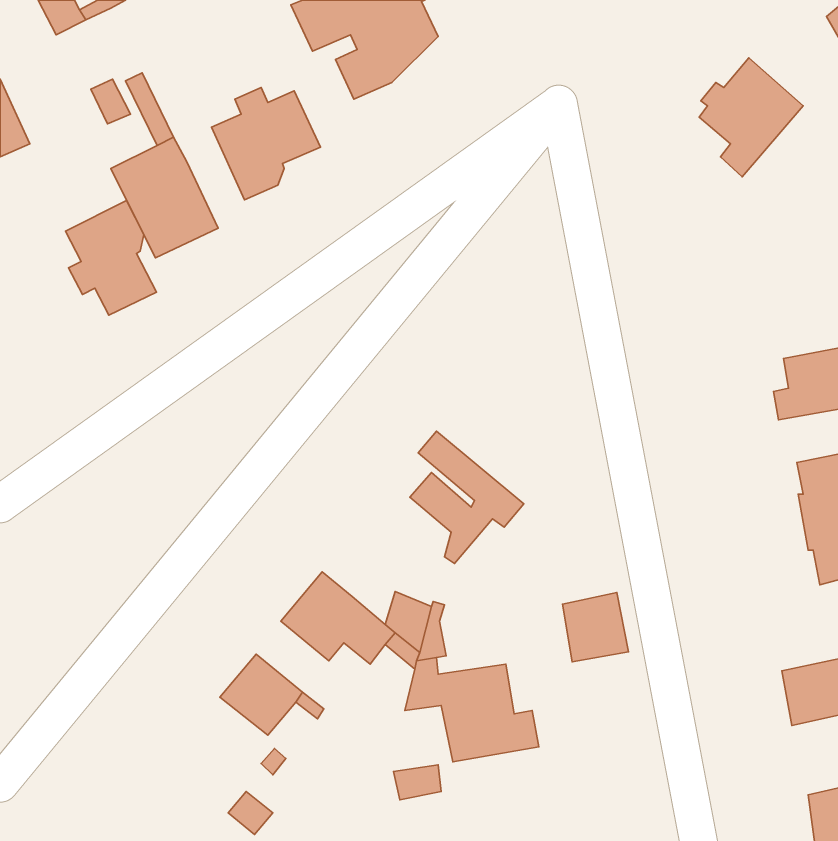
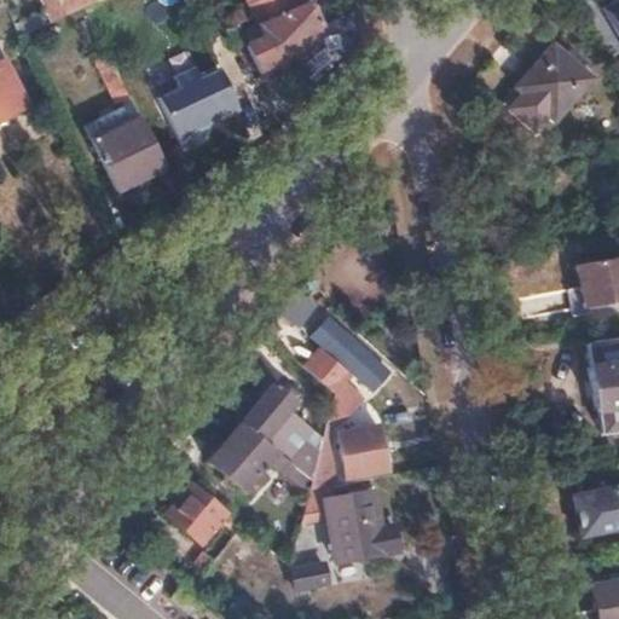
building: [66,201,157,315] -> none
building: none -> [241,381,295,439]
building: [562,592,628,662] -> [341,423,389,474]

